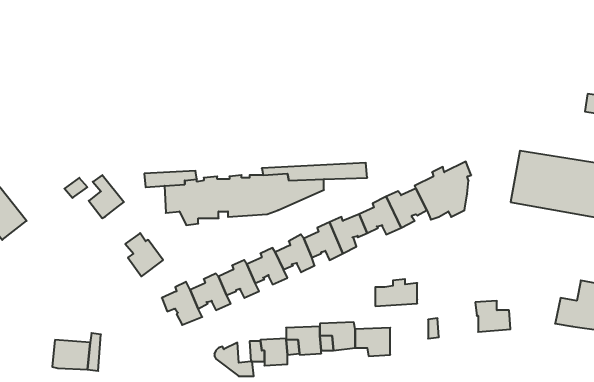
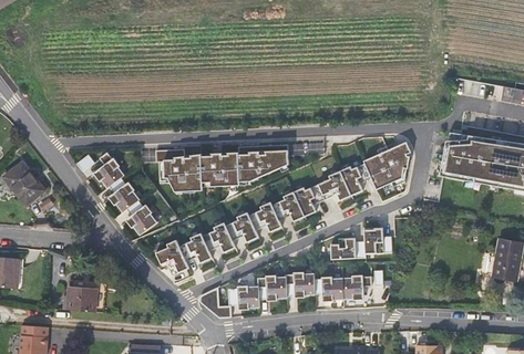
building: none -> [110,178,140,212]
building: [475,301,510,332] -> [363,229,392,254]
building: none -> [343,277,372,300]

